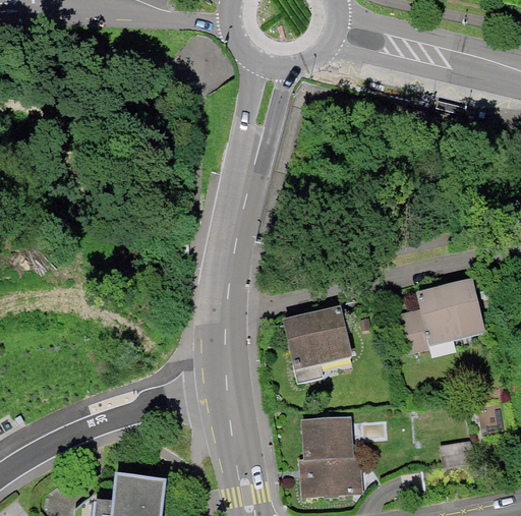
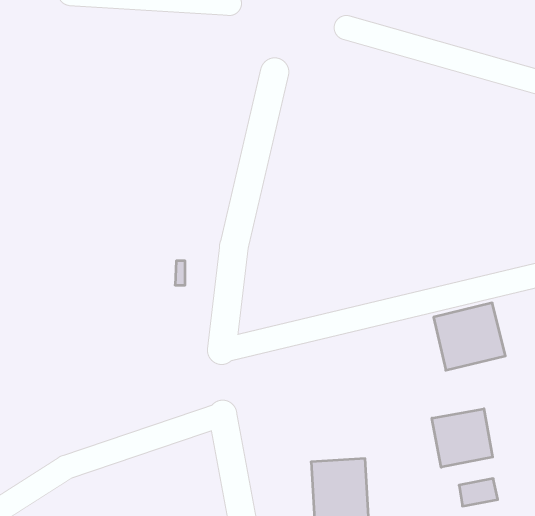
building: [283,303,349,368] -> none
building: none -> [432,409,493,467]

